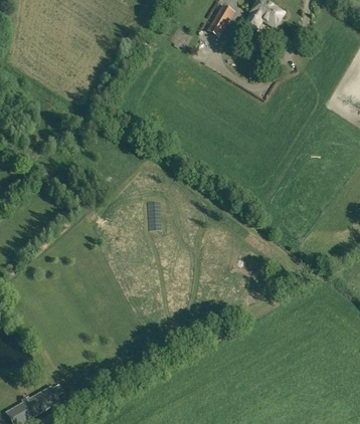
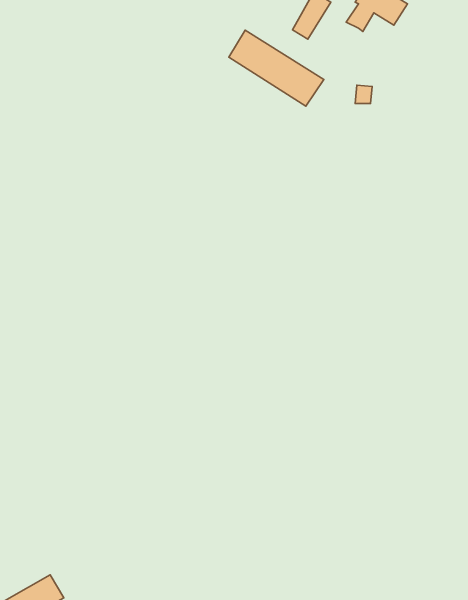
building: none -> [229,30,324,106]

